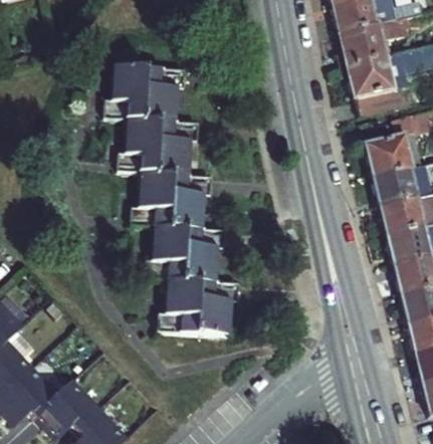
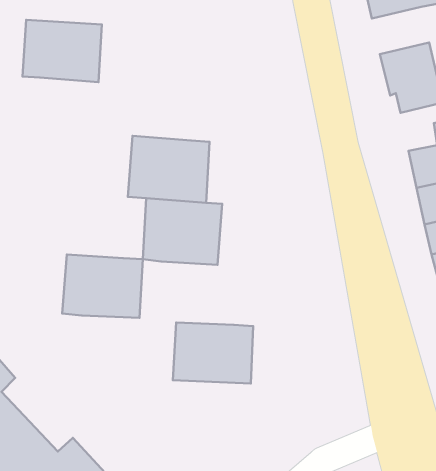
building: [336,10,386,51] -> none
building: [112,72,181,127] -> [23,20,102,82]
building: [148,232,218,287] -> [62,255,143,318]

